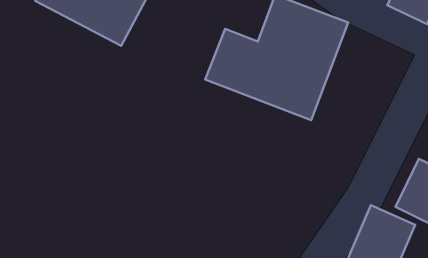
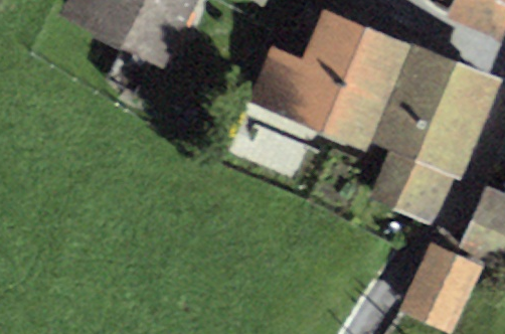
building: none -> [378,48,481,211]

